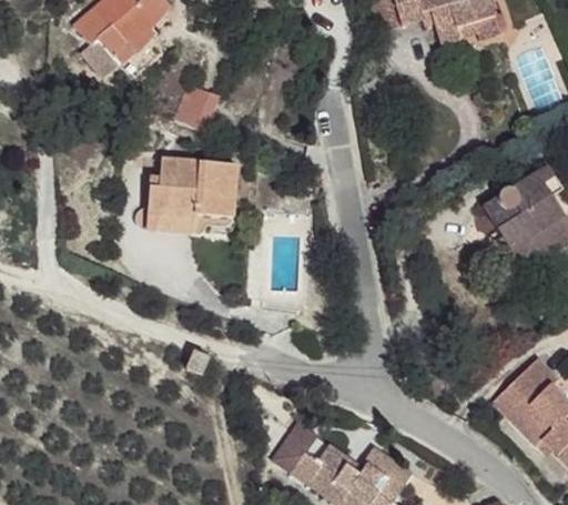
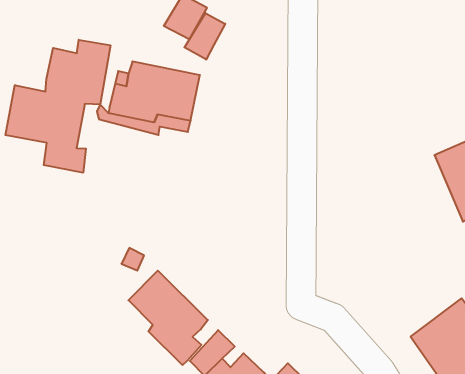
building: none -> [184,13,225,60]
building: none -> [5,40,110,173]
building: none -> [128,271,208,365]

